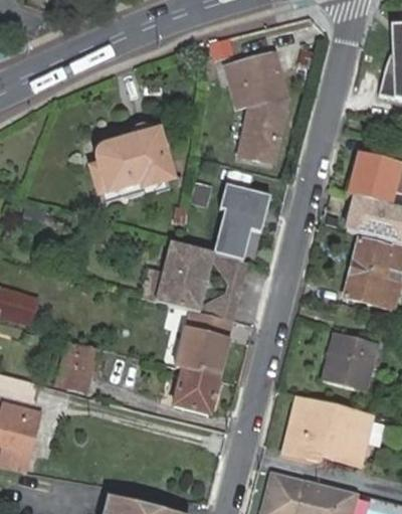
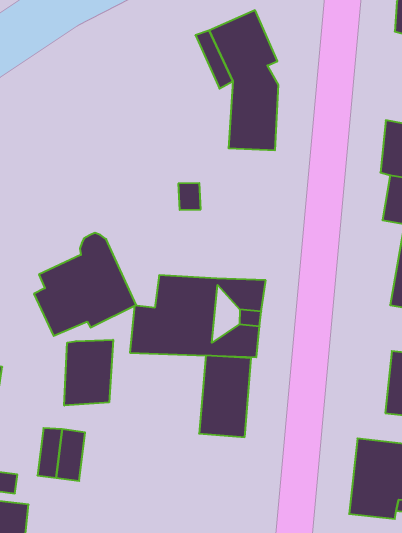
building: [97,123,174,196] -> [34,233,136,336]
building: [212,187,269,261] -> none
building: none -> [64,340,113,406]
building: [170,370,215,413] -> none

